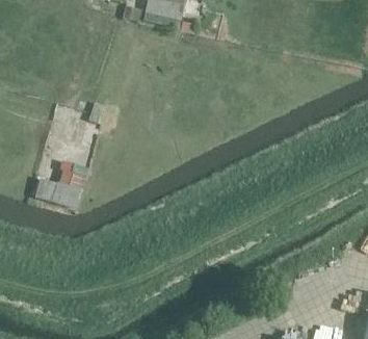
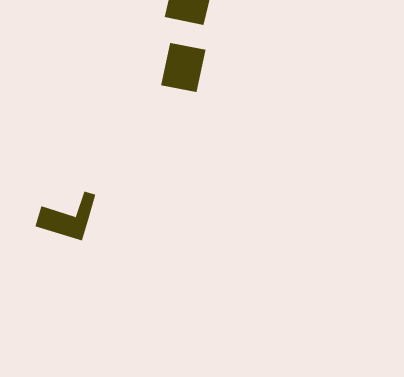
building: none -> [161,42,206,93]

